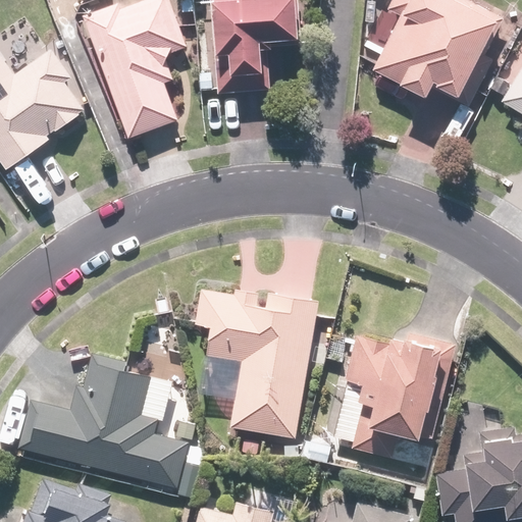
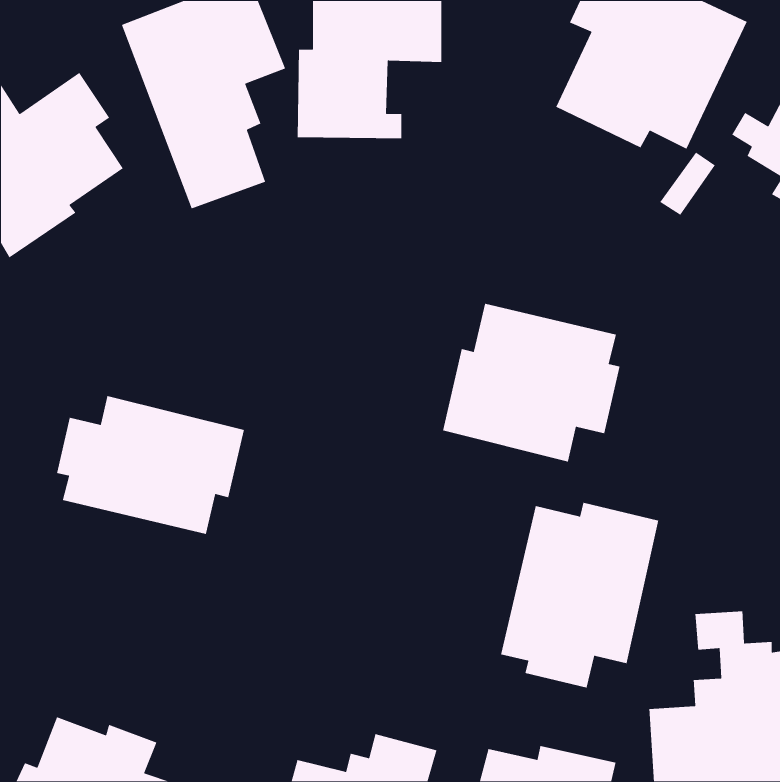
building: none -> [442,303,620,462]
building: none -> [56,395,245,535]
building: [194,289,318,440] -> none
building: [17,352,203,501] -> none

